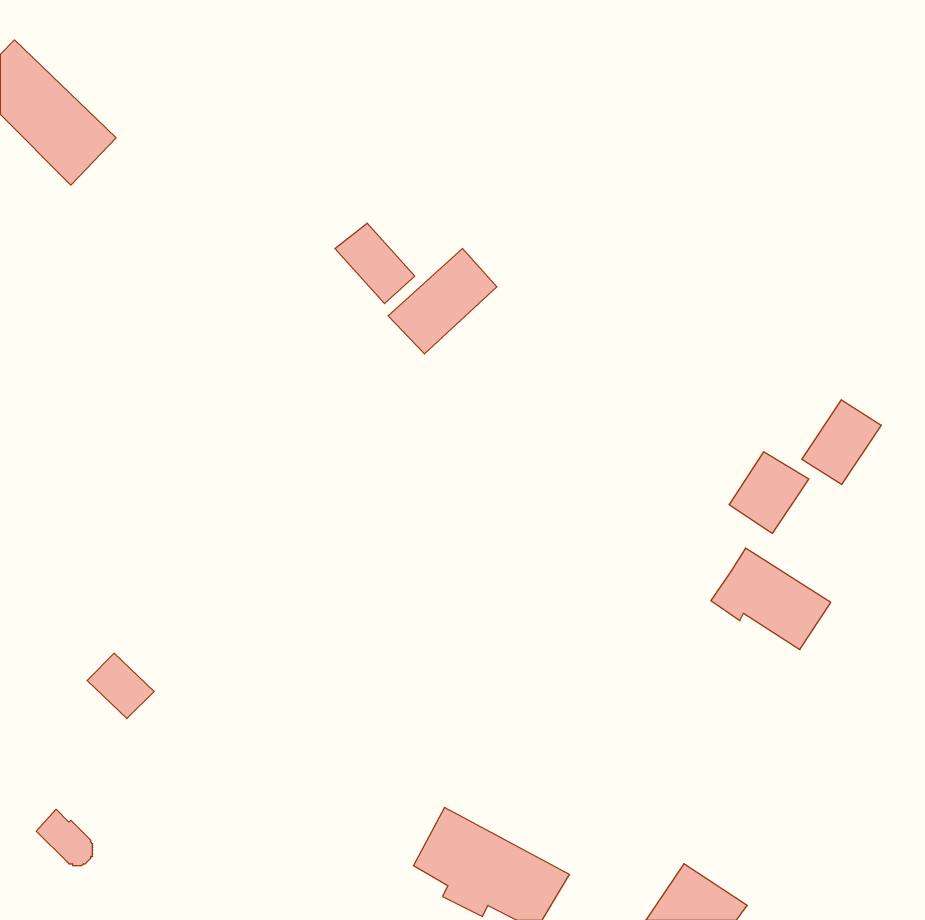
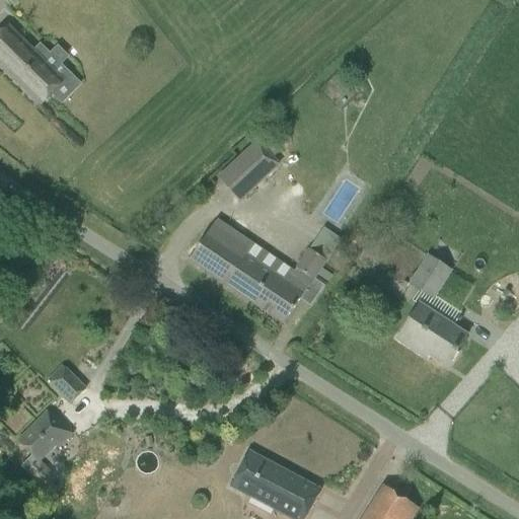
building: [335,223,415,304] -> none
building: none -> [190,218,342,321]
building: [802,400,881,485] -> none
building: none -> [18,409,72,459]

